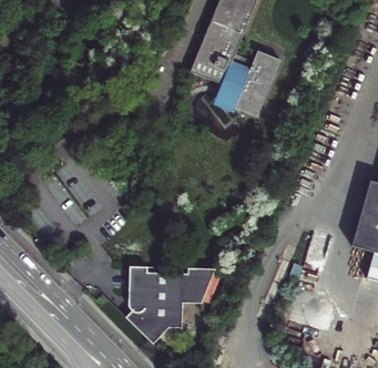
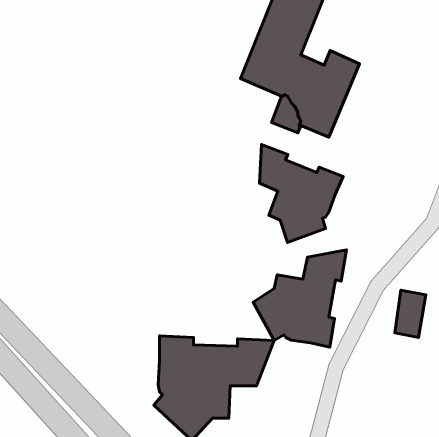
building: none -> [259,144,343,243]
building: none -> [253,250,347,347]

